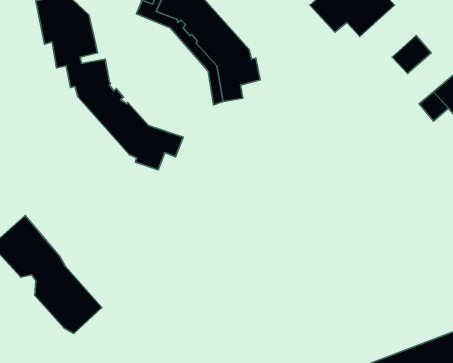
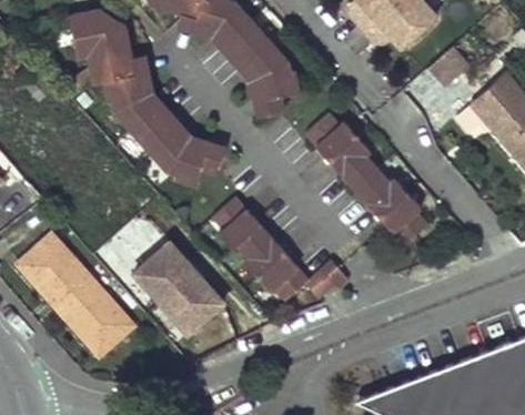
building: none -> [114,53,222,152]
building: none -> [303,112,425,246]
building: none -> [211,196,346,300]
building: none -> [145,250,232,338]

